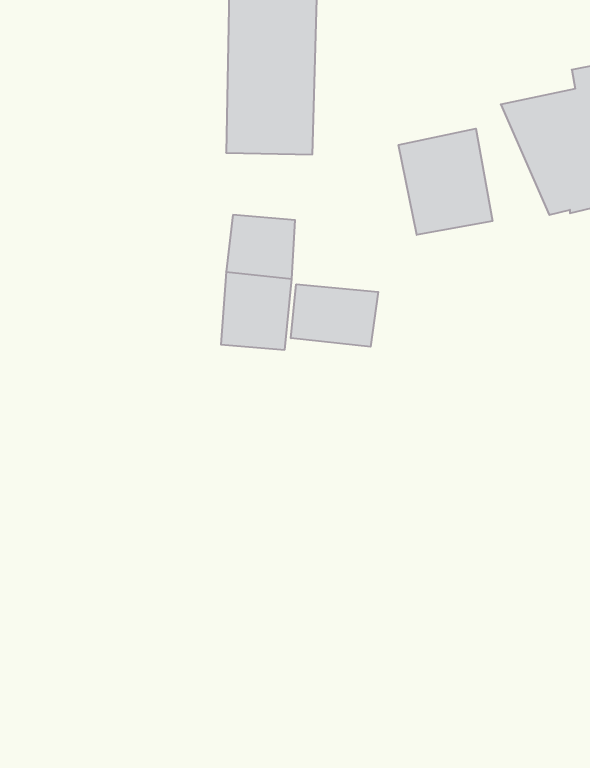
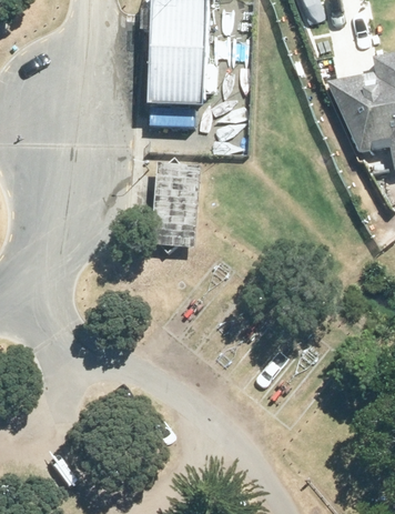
building: [399,129,492,235] -> none
building: [291,284,378,347] -> none

